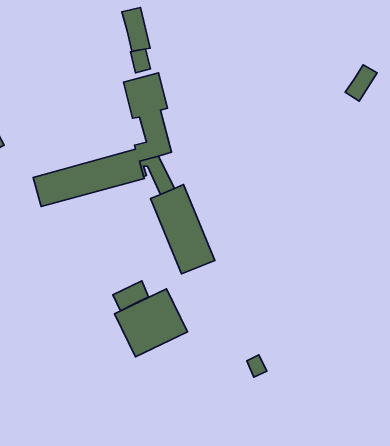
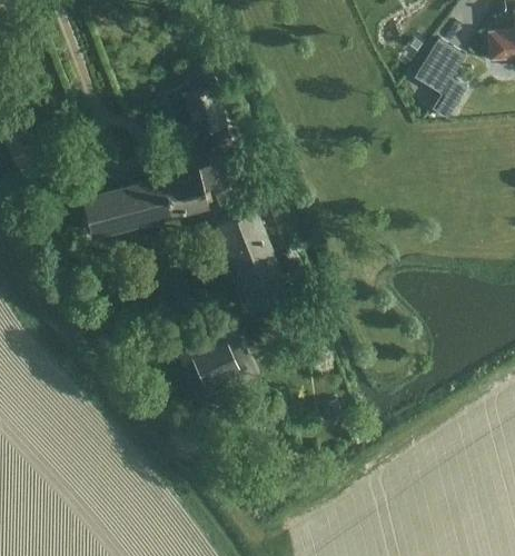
building: [122,7,150,51] -> none
building: none -> [416,39,466,95]
building: [113,281,149,311] -> none

